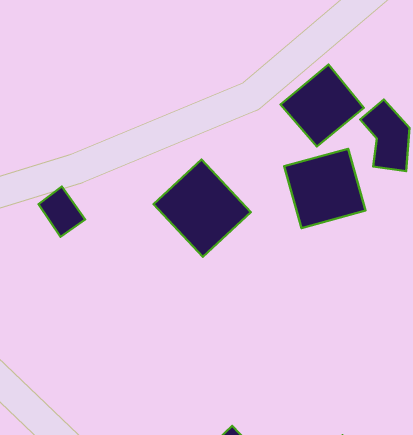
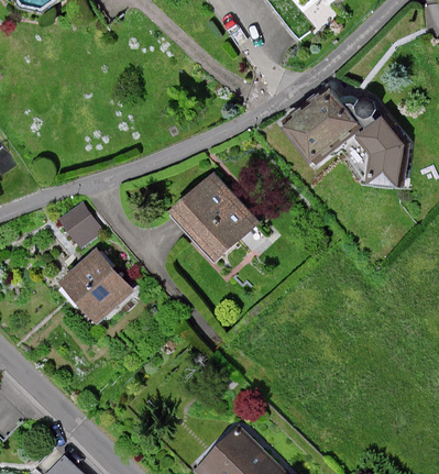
building: [284,149,365,228] -> none
building: none -> [61,245,135,320]

